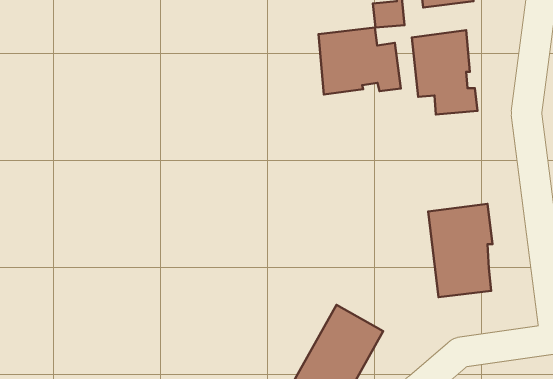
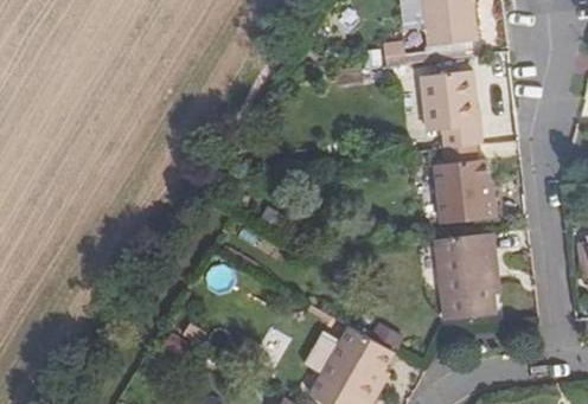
building: [319,28,401,95] -> none
building: none -> [433,158,496,224]

